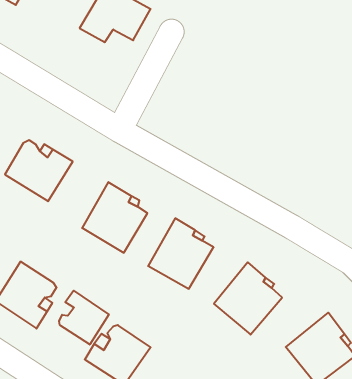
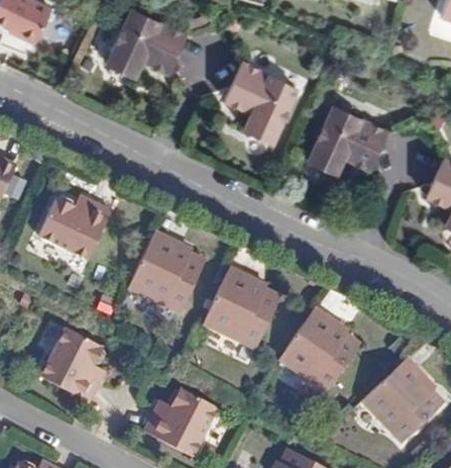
building: none -> [223,67,294,143]
building: none -> [308,109,384,174]
building: [59,291,109,345] -> none

